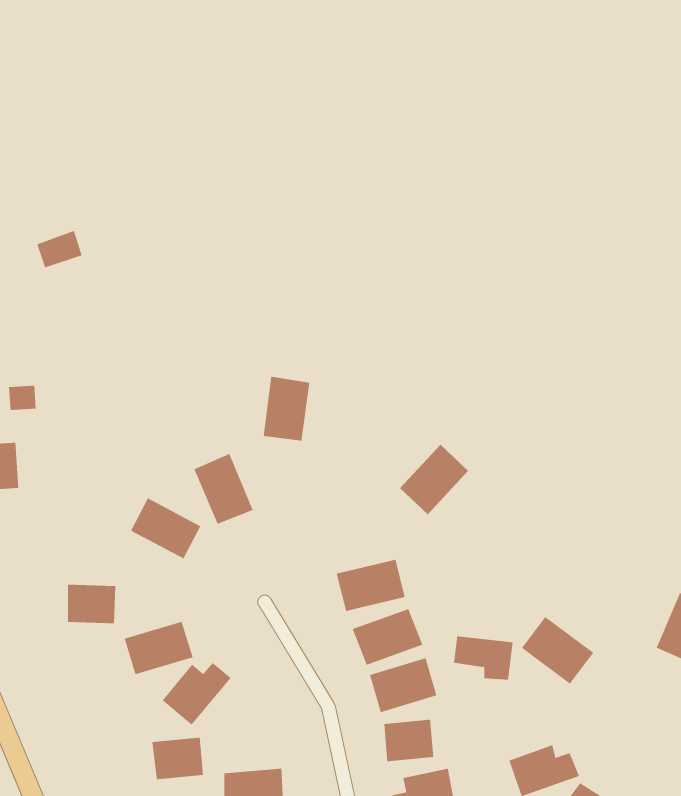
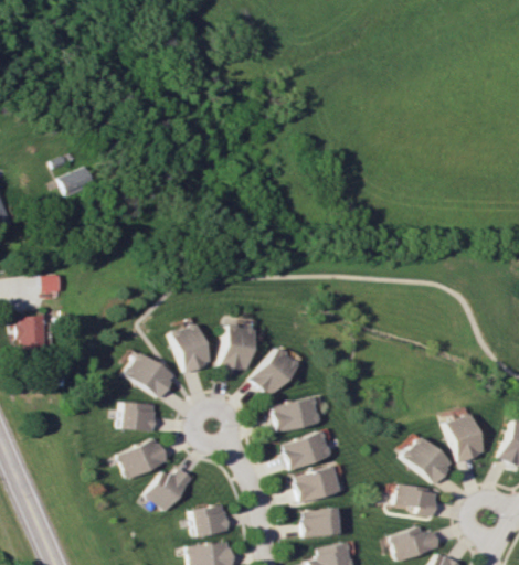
building: [263,376,310,441] -> [221,324,254,370]
building: [399,444,469,515] -> [250,347,298,396]
building: none -> [442,413,480,461]
building: [67,584,116,624] -> [125,403,159,430]
building: [453,636,513,680] -> [395,486,437,516]
building: [151,737,204,780] -> [194,505,231,535]

